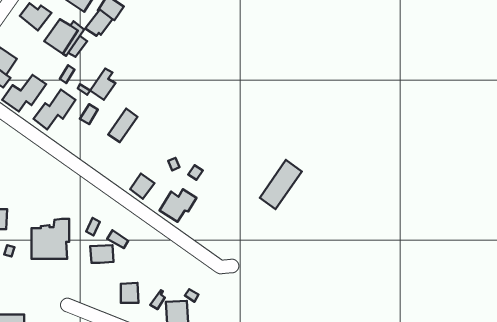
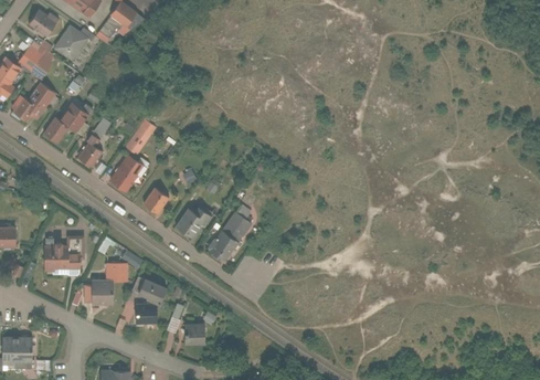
building: none -> [21,42,60,80]
building: [90,68,116,100] -> [78,135,105,168]
building: none -> [110,159,144,193]
building: [260,160,302,209] -> [208,211,252,263]
building: none -> [138,277,168,304]
building: none -> [91,282,112,304]

